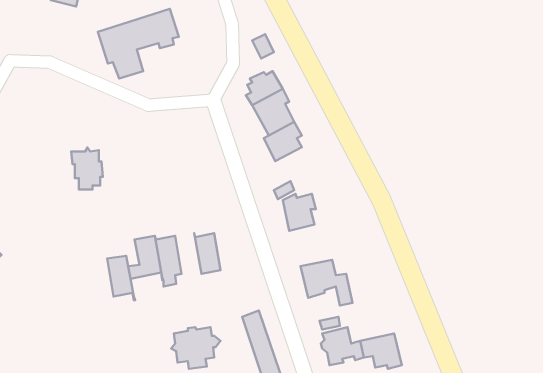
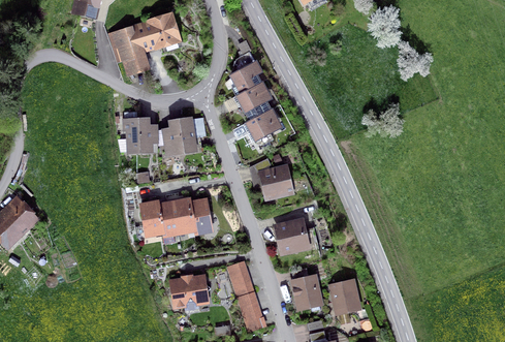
building: none -> [163,117,201,152]
building: [71,148,103,189] -> [125,116,151,150]
building: [107,256,135,300] -> [173,198,196,235]

